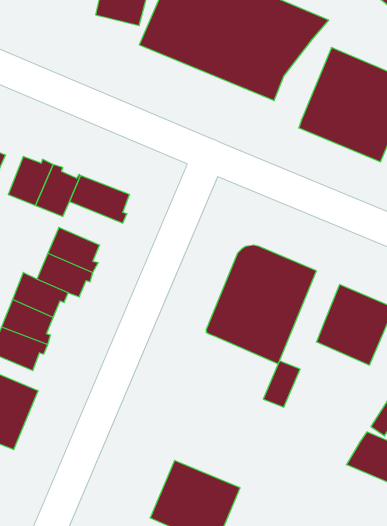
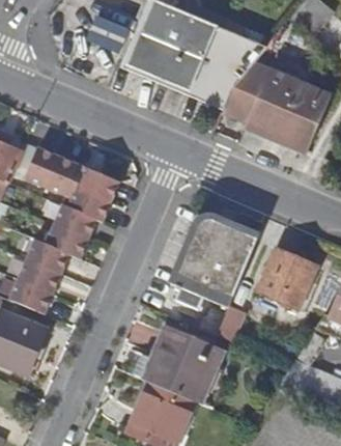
building: none -> [224,60,269,121]
building: none -> [62,184,111,217]
building: none -> [148,327,225,401]

